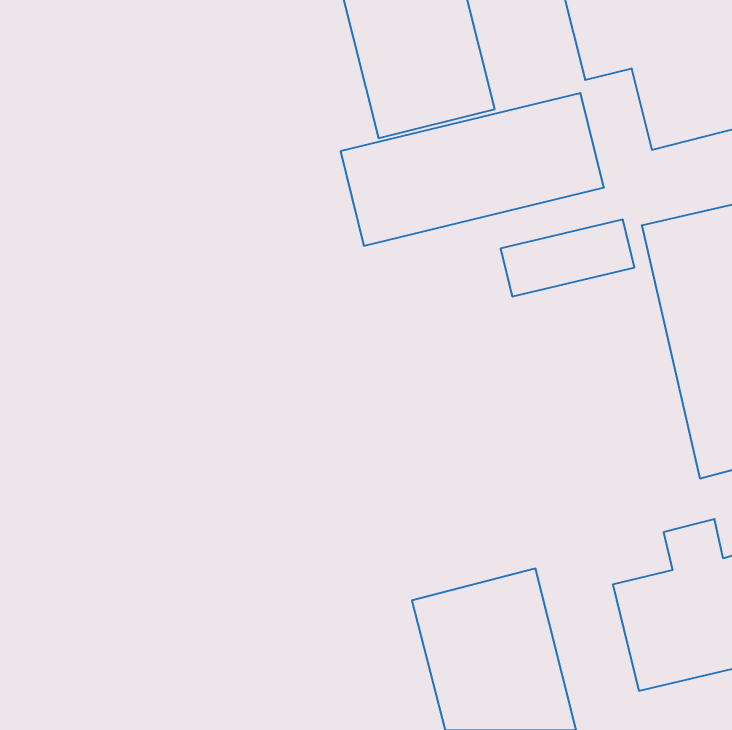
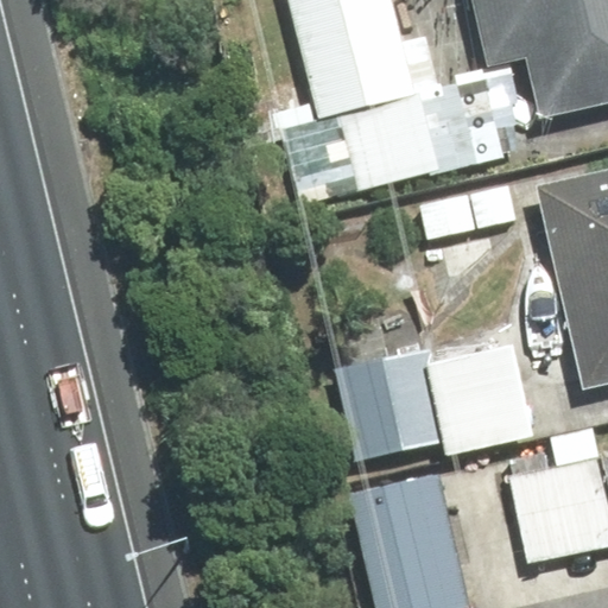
building: none -> [331,343,532,467]

